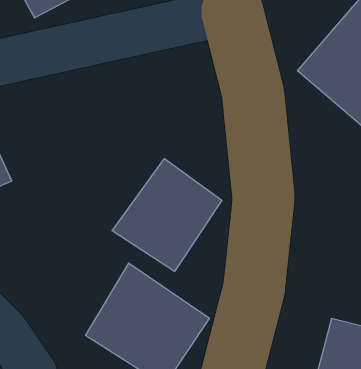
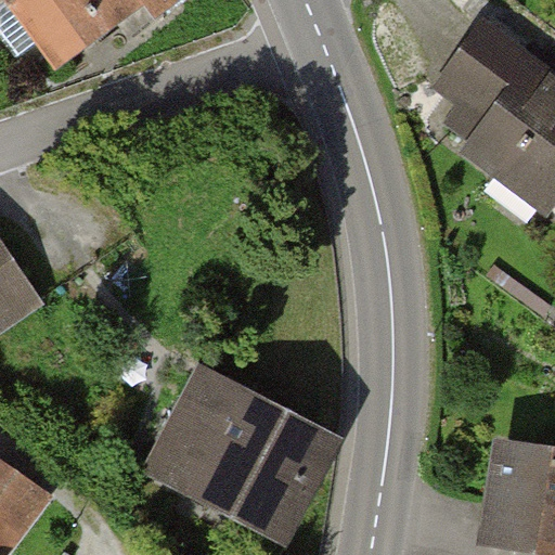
building: [112,159,222,271] -> none

